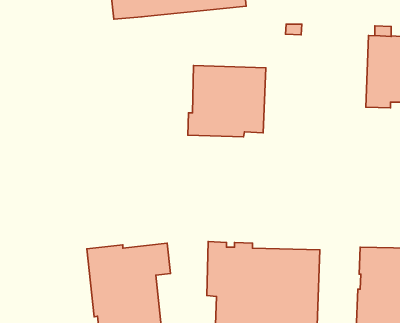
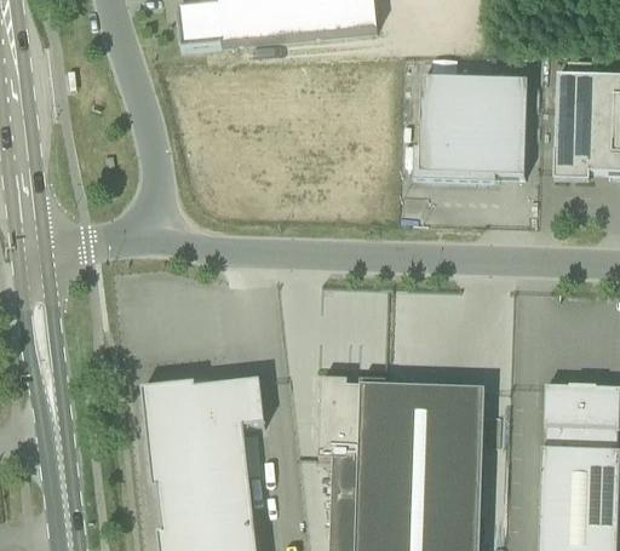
building: [188,65,266,137] -> [413,76,528,182]

